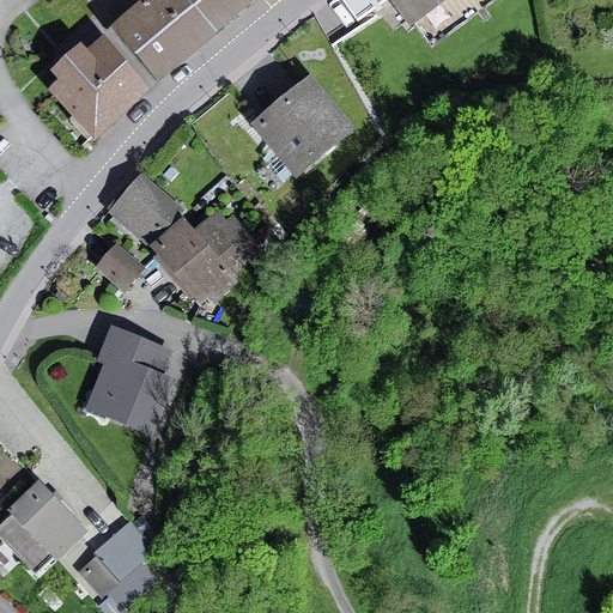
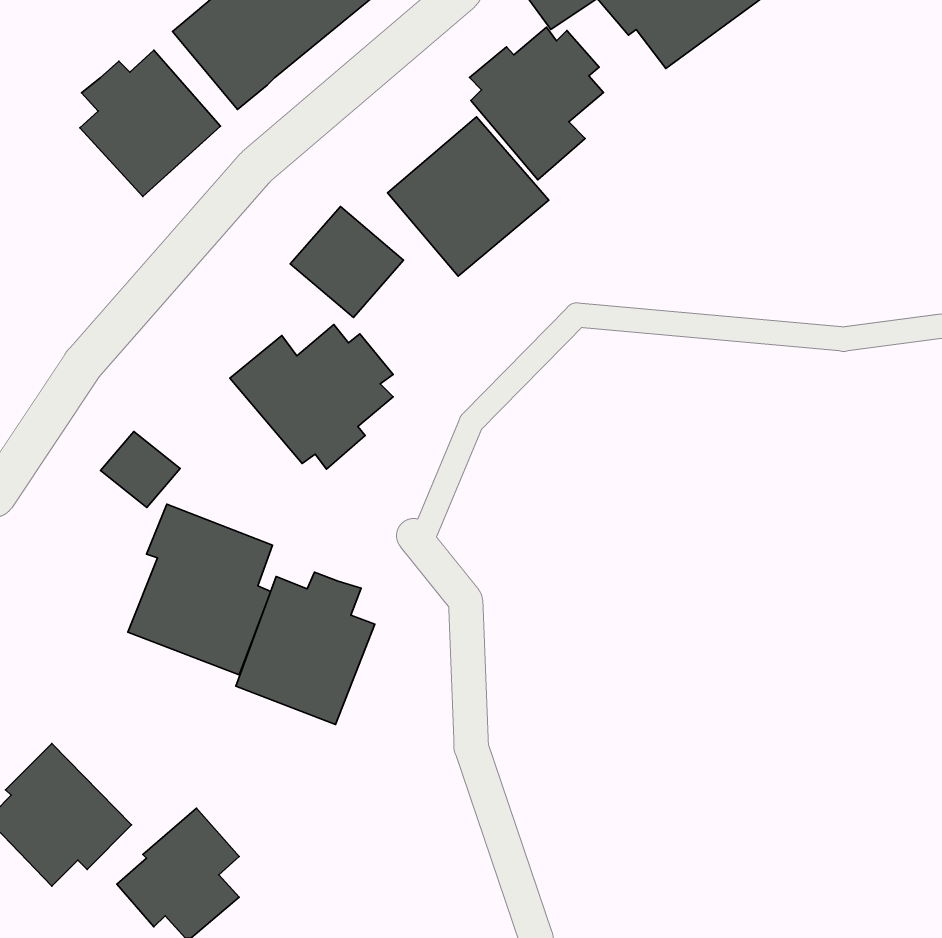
building: none -> [470,27,604,180]
building: [108,172,181,244] -> [290,206,403,318]
building: [92,242,144,291] -> [101,431,180,507]
building: none -> [236,572,375,724]

